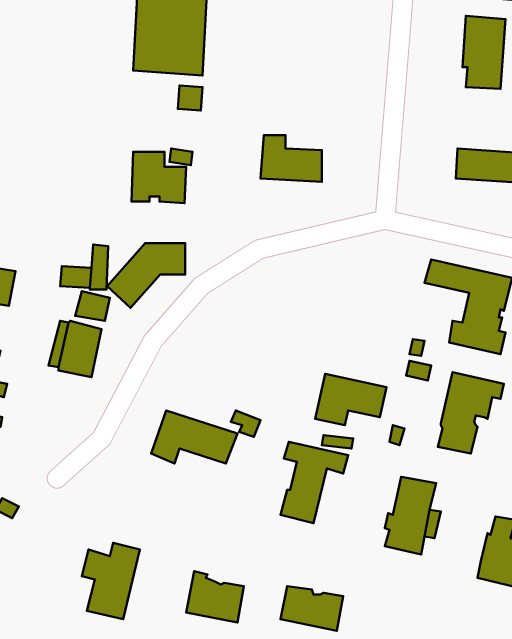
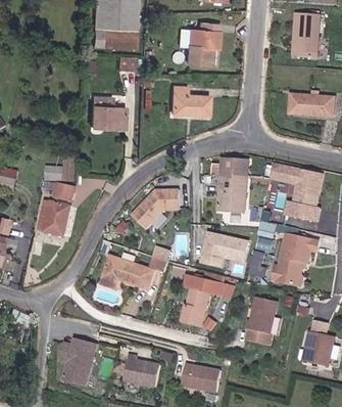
building: none -> [184,22,217,64]
building: [107,243,185,308] -> [132,189,180,229]
building: none -> [217,159,248,211]

